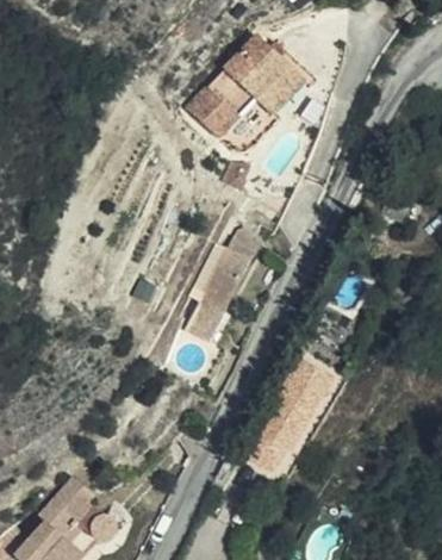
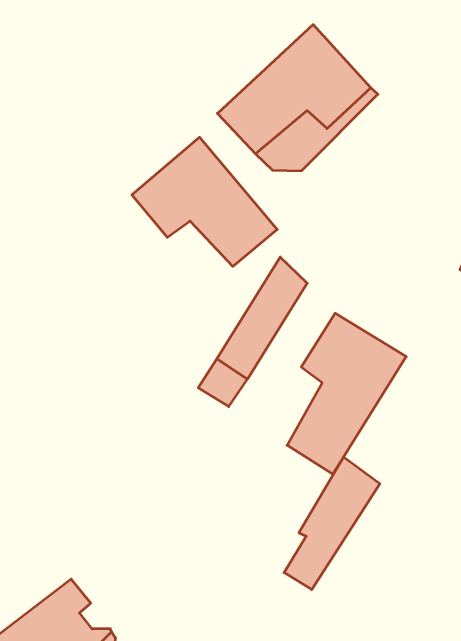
building: none -> [132,137,277,266]
building: none -> [287,313,406,474]

